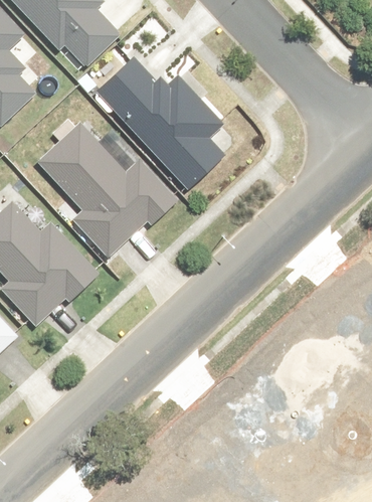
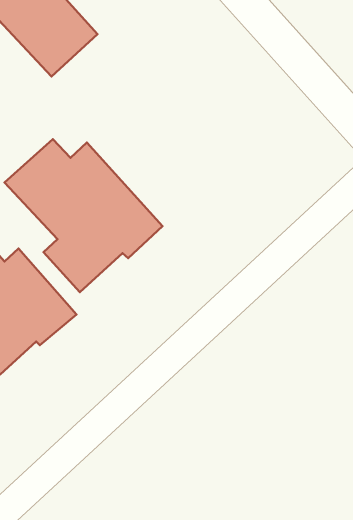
building: [89,50,222,188] -> none

